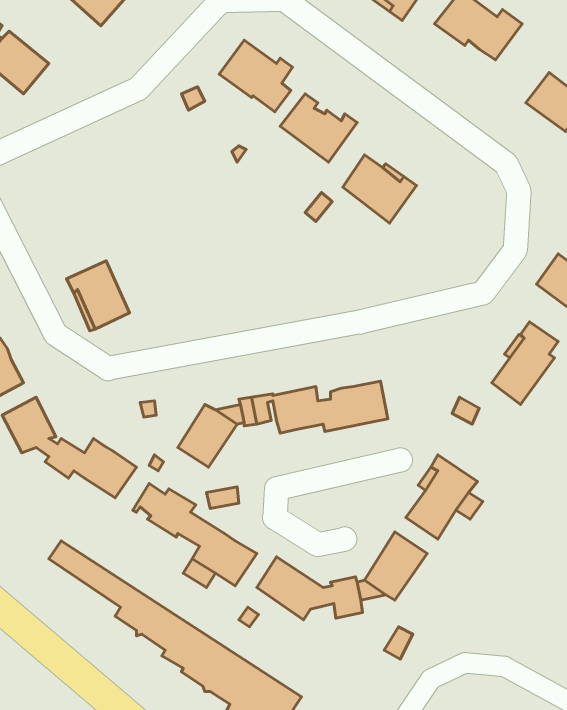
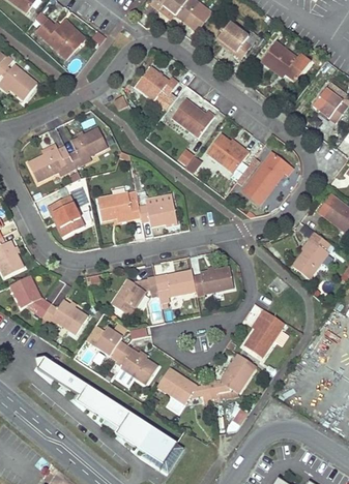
building: none -> [27,126,108,180]
building: none -> [243,152,293,204]
building: none -> [97,190,177,226]

